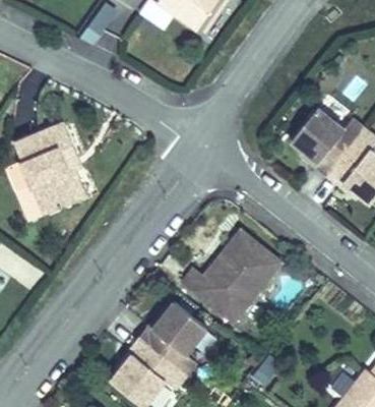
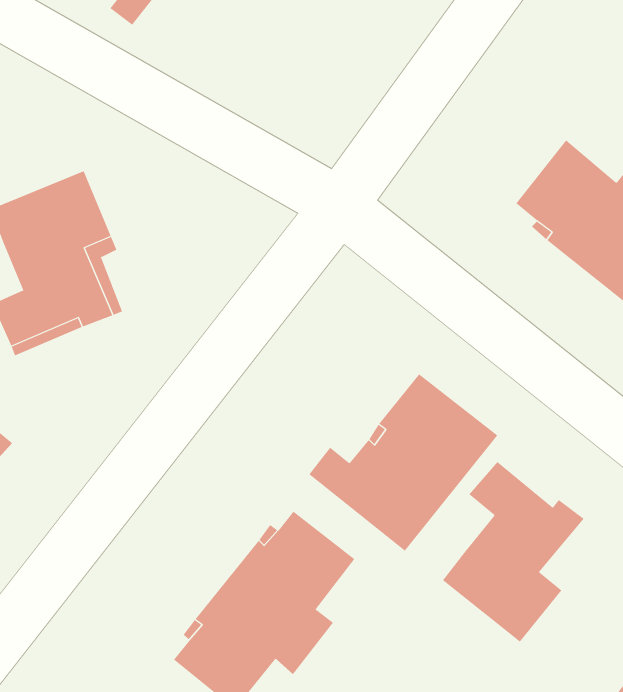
building: none -> [442,461,584,643]

